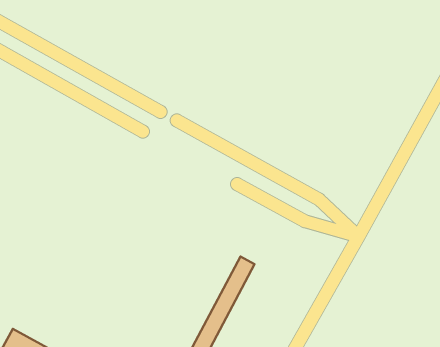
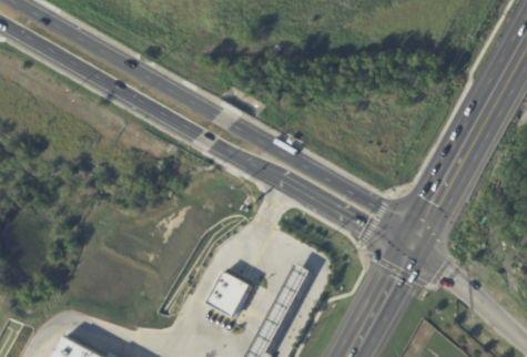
building: none -> [204,269,249,315]

